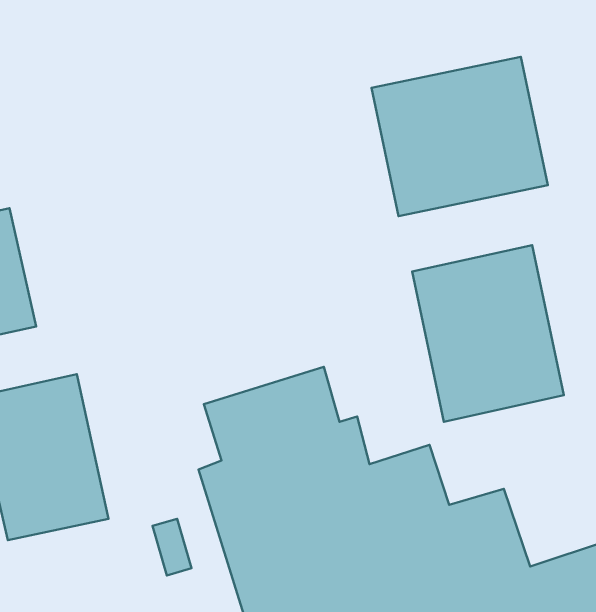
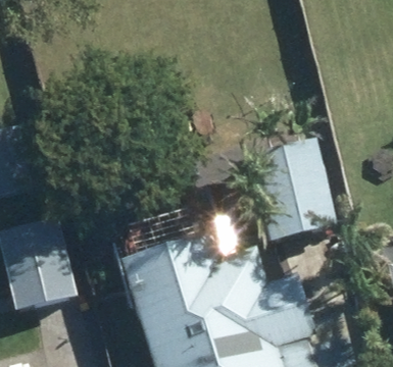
building: [371,57,548,216] -> none

